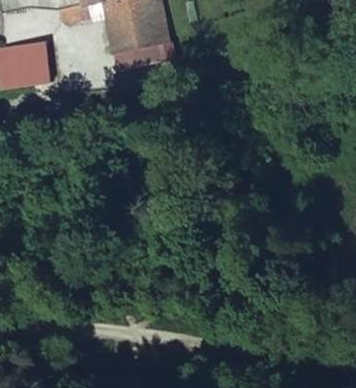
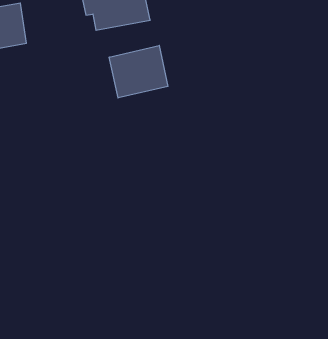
building: none -> [109,45,168,98]

